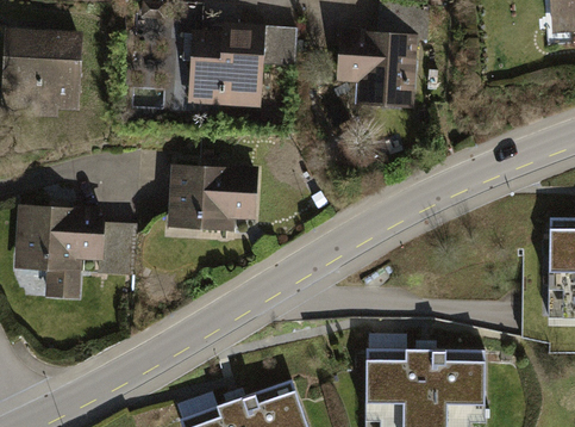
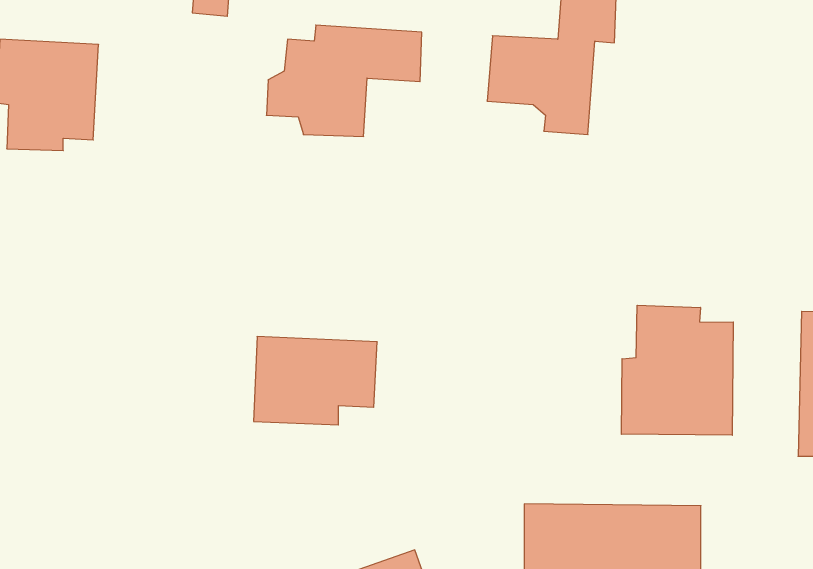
building: [170,168,254,228] -> [254,337,377,425]
building: [21,211,136,295] -> none
building: none -> [621,305,733,435]

